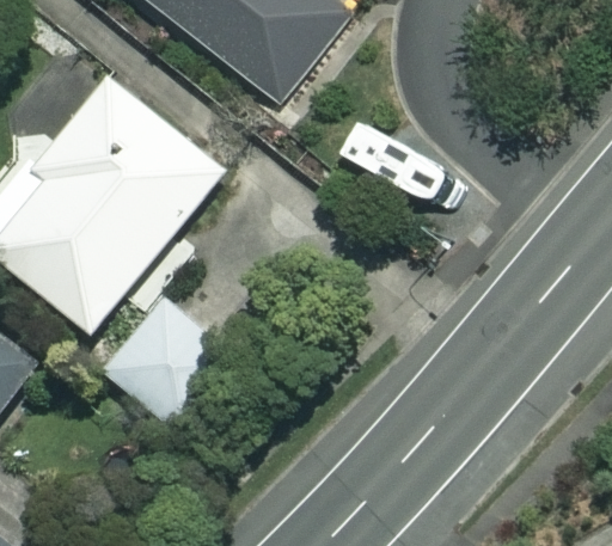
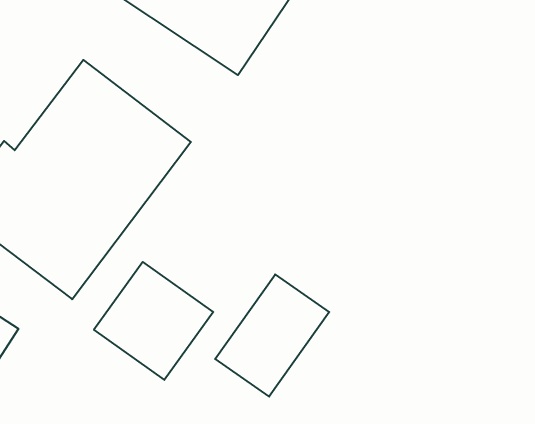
building: none -> [215,274,329,397]

